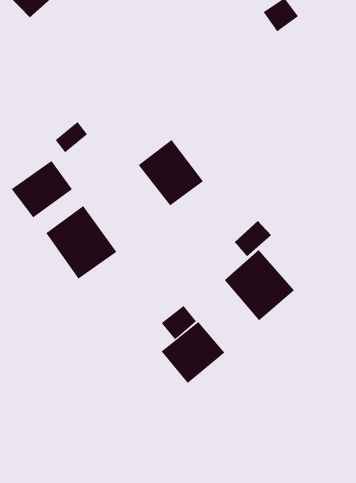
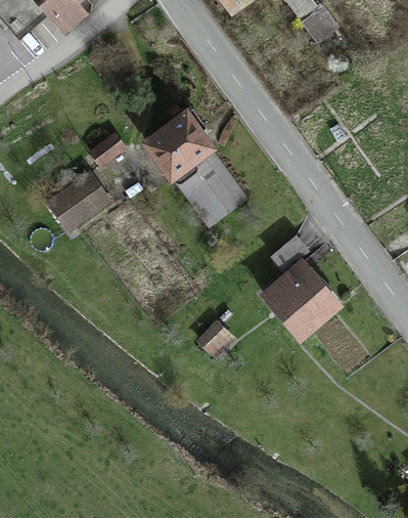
building: none -> [142,111,215,181]
building: [46,205,117,279] -> none
building: [161,321,225,384] -> none

